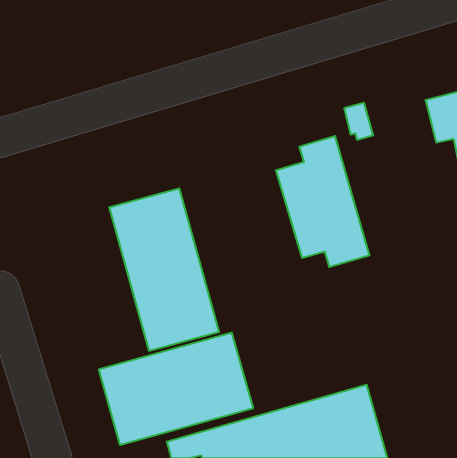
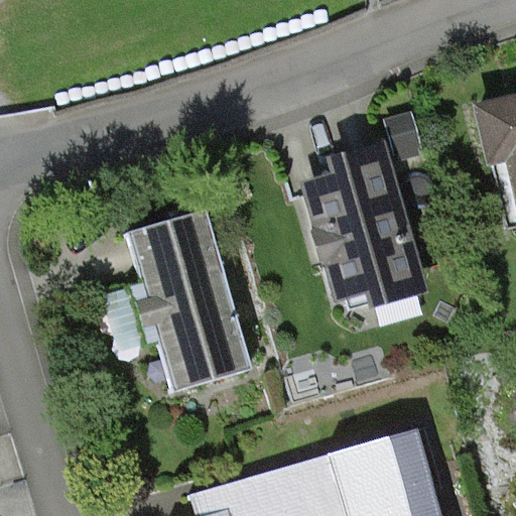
building: [99,333,253,445] -> none

